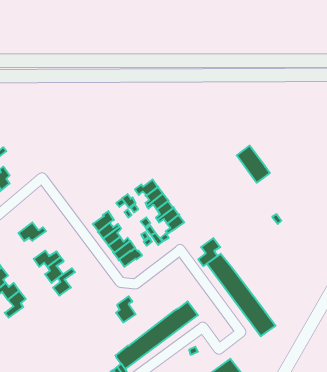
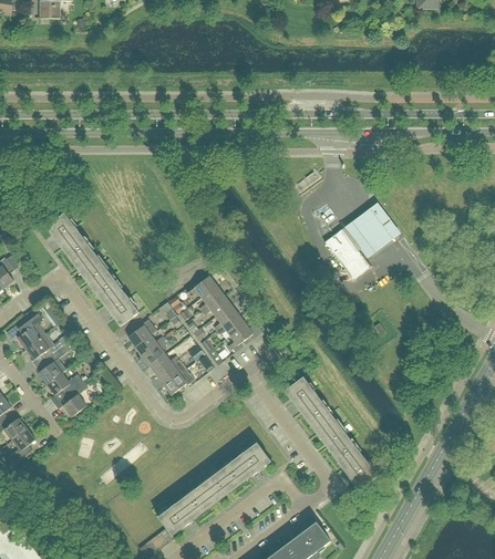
building: none -> [342,201,399,257]
building: none -> [45,213,138,325]
building: none -> [17,310,44,348]
building: [198,238,220,266] -> none
building: [53,268,75,296] -> [38,345,68,383]
building: [116,296,136,322] -> none

